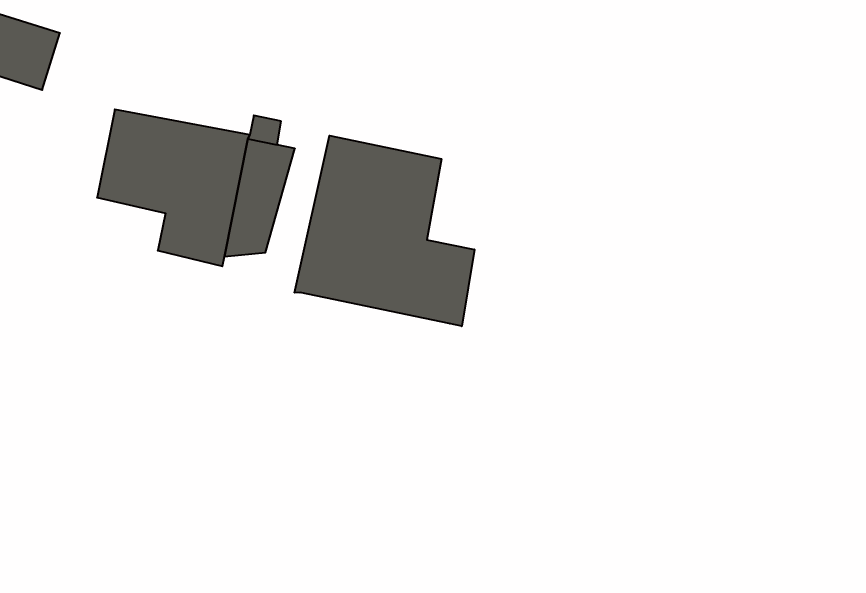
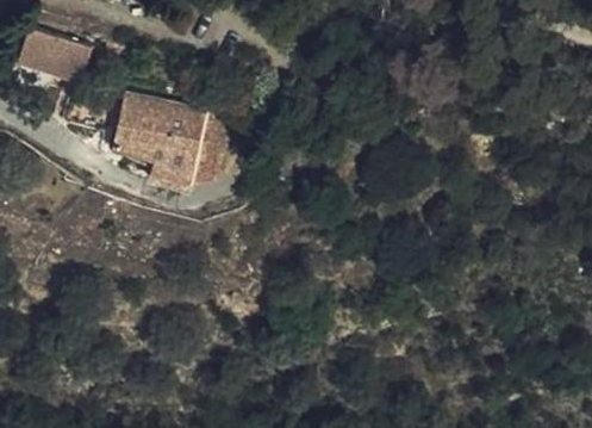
building: [295,136,474,326] -> none

